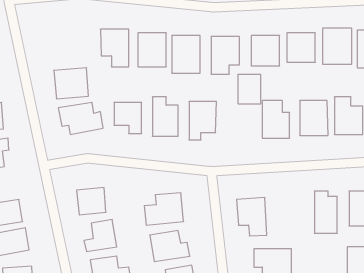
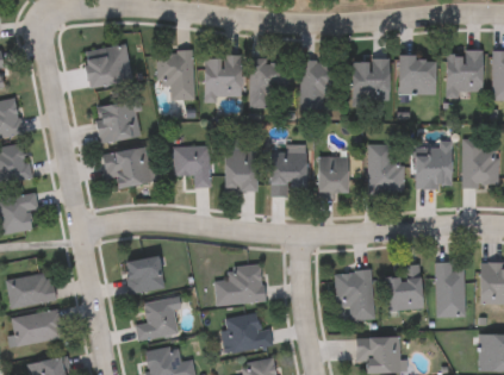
building: none -> [85,45,131,87]
building: [238,74,261,104] -> [318,157,348,195]
building: none -> [385,264,423,312]

